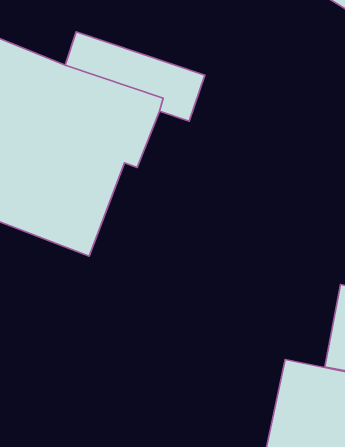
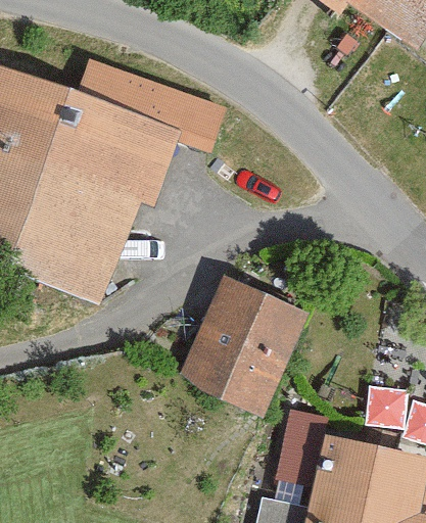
building: none -> [173,274,306,417]

